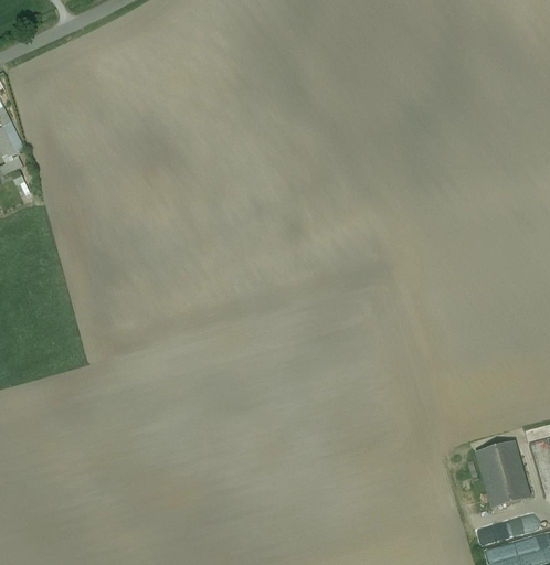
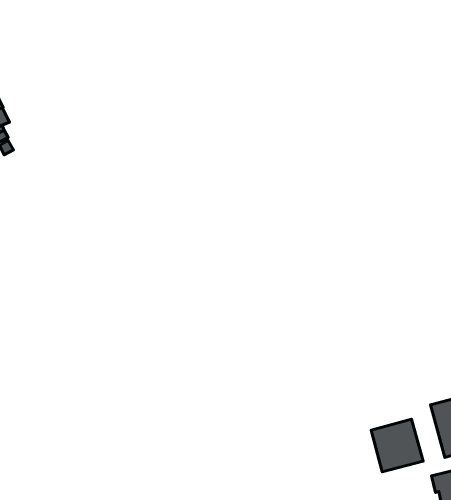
building: none -> [371,419,423,472]

